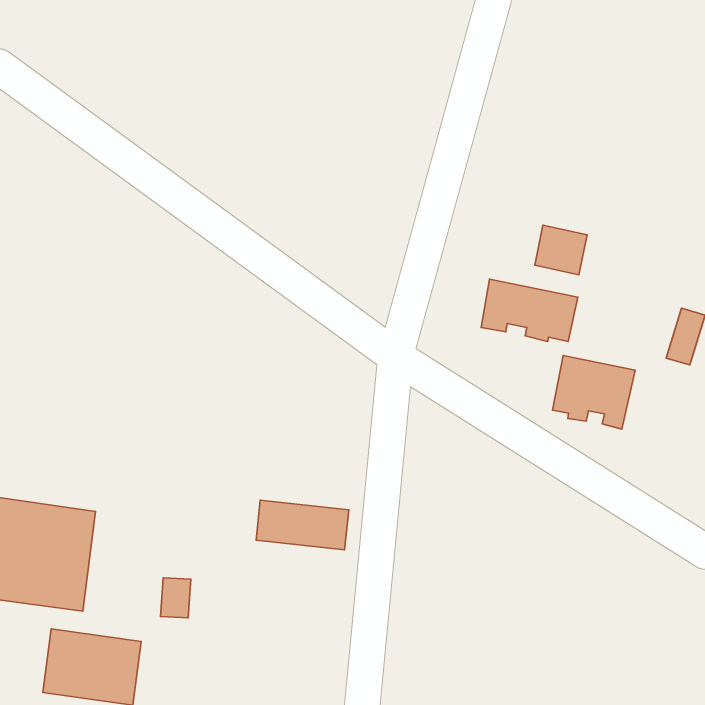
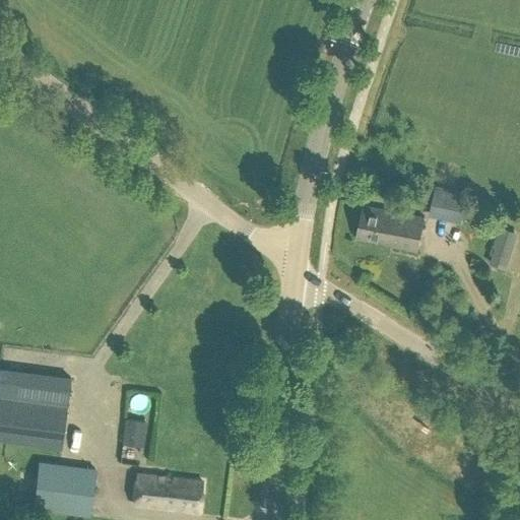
building: [535,225,587,275] -> [429,188,467,224]
building: [553,355,635,429] -> none
building: [256,500,349,550] -> [132,473,200,510]

